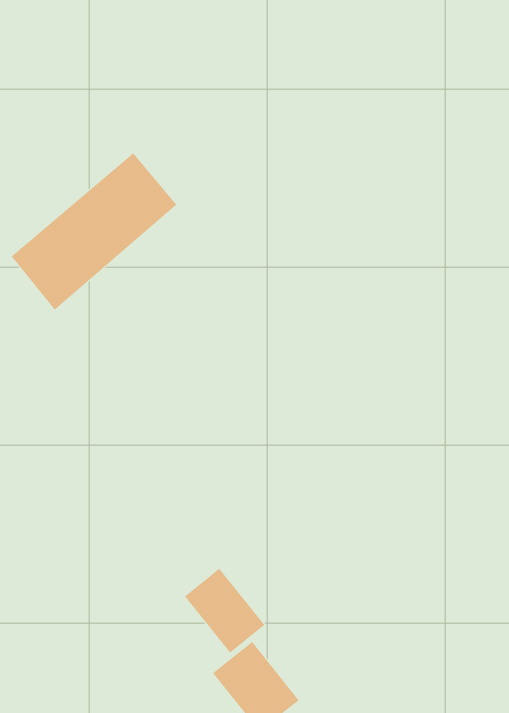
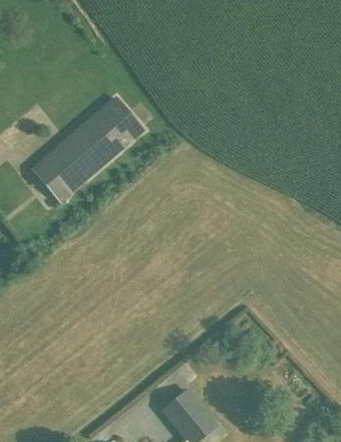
building: [184,568,265,653] -> none

